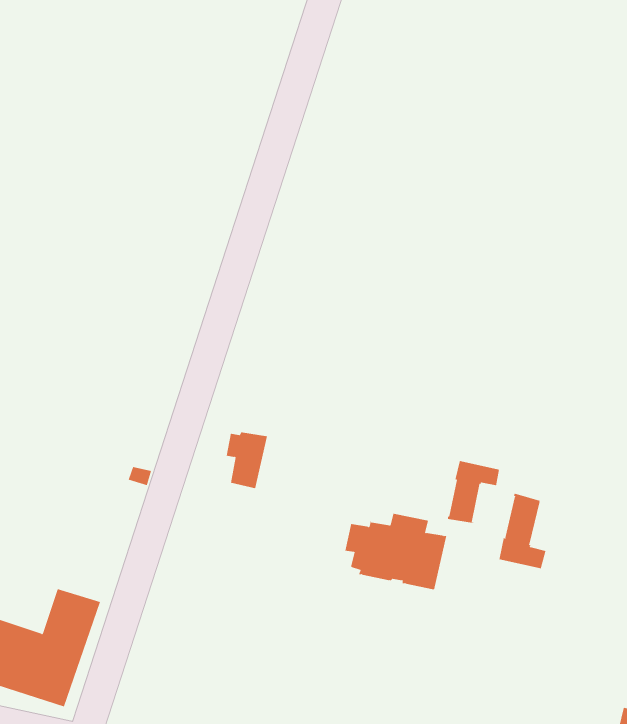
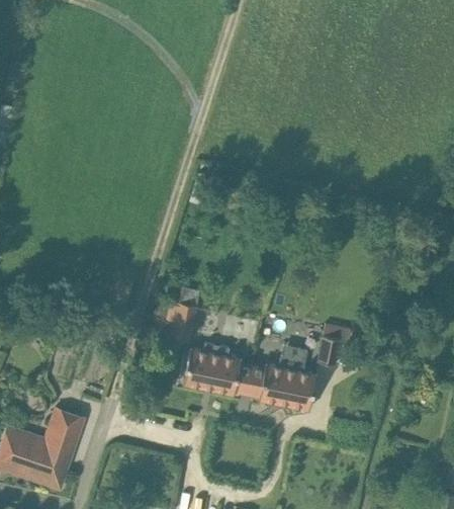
building: none -> [183,343,253,395]
building: [499,493,546,569] -> none

